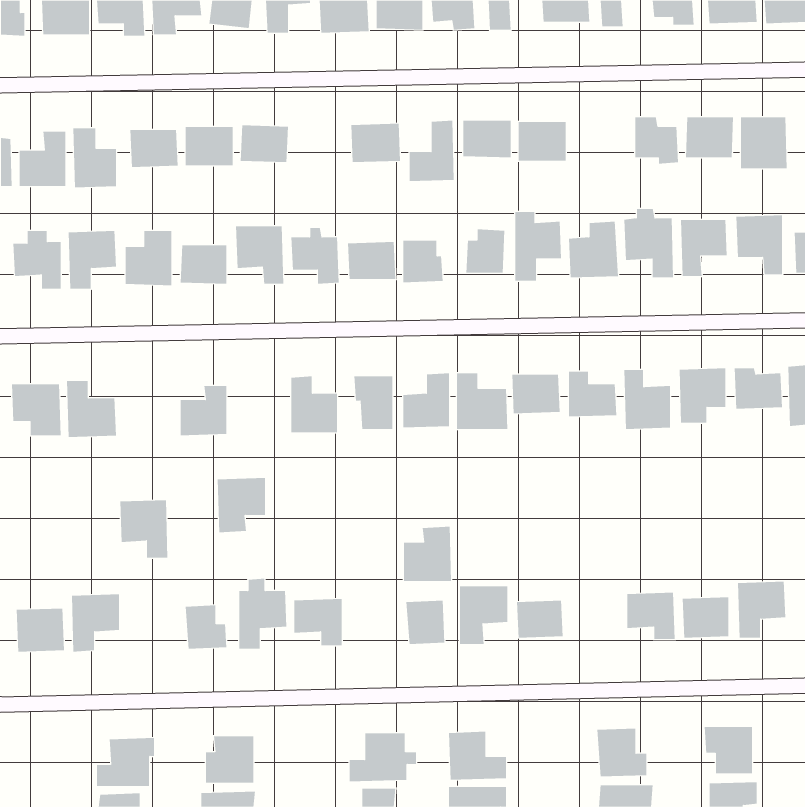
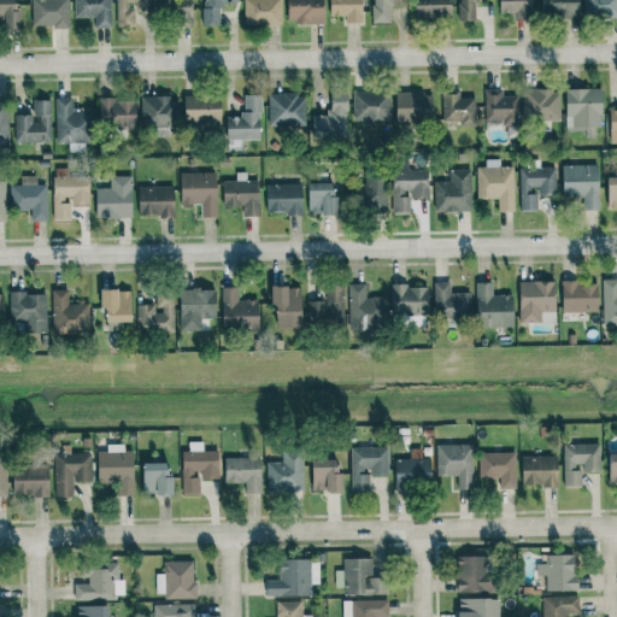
building: none -> [443,93,477,127]
building: none -> [228,95,262,140]
building: none -> [101,289,133,322]
building: [217,478,266,533] -> [180,289,217,331]
building: [119,500,168,558] -> [98,451,135,495]
building: [403,526,452,581] -> [268,449,305,492]
building: none -> [437,443,474,489]

